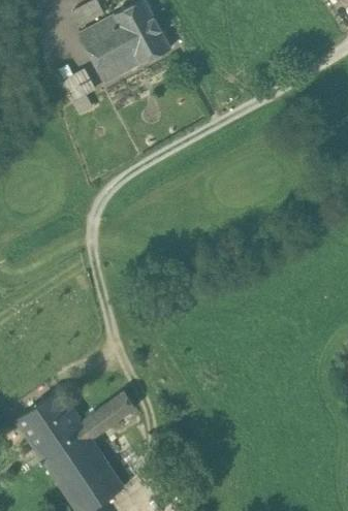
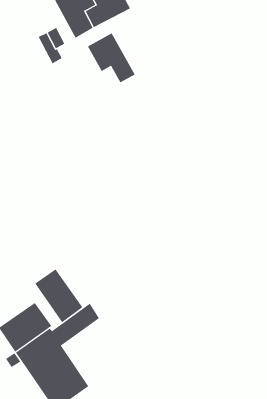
building: none -> [87,33,136,83]
building: none -> [34,268,83,323]

